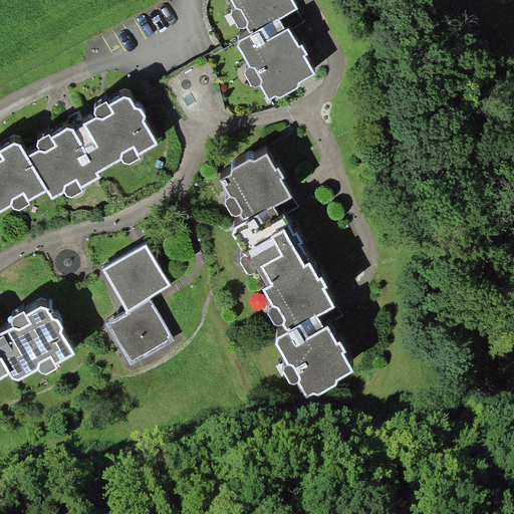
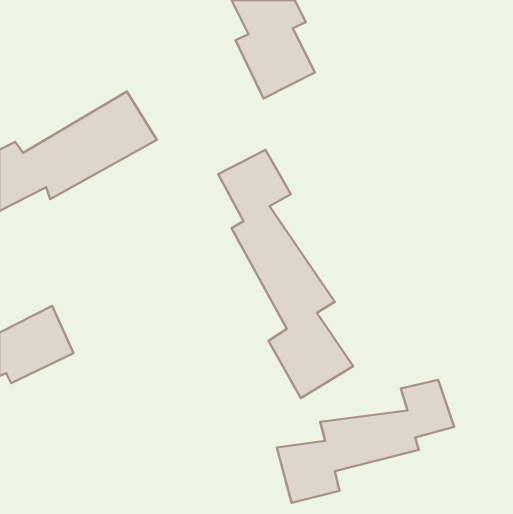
building: [103,246,172,365] -> none
building: none -> [277,380,454,503]

